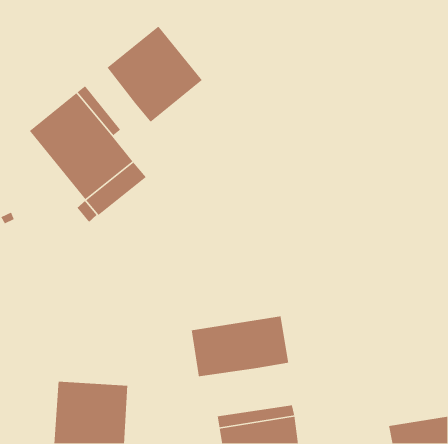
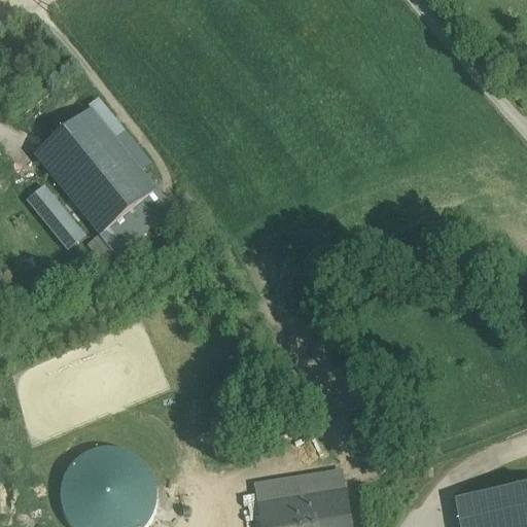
building: [106,25,203,123] -> none
building: none -> [28,186,84,249]
building: [191,315,289,377] -> none

